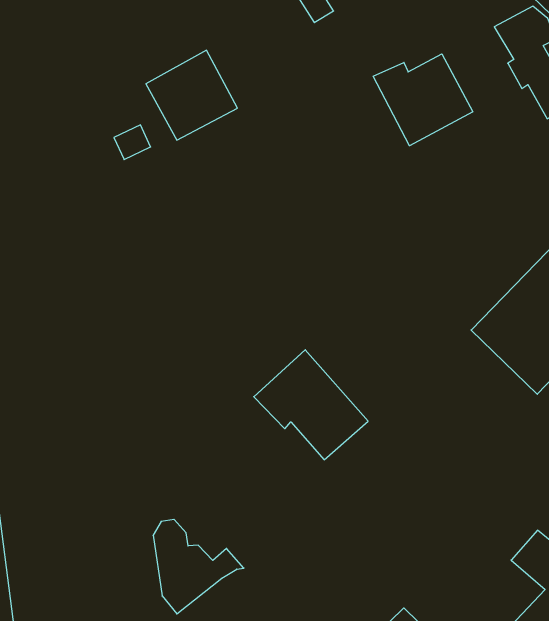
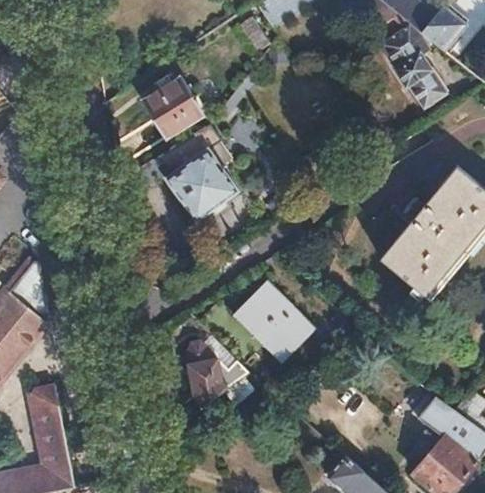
building: [373,54,473,146] -> none
building: none -> [159,125,235,224]
building: [153,519,244,614] -> [185,341,250,407]

